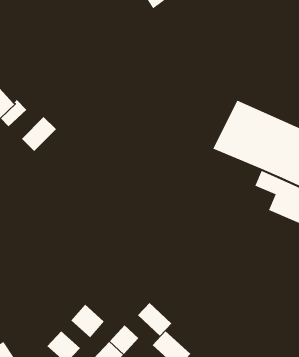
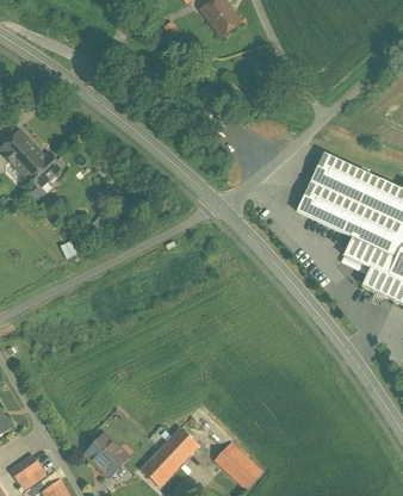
building: [21,116,57,152] -> none
building: [137,302,172,336] -> none
building: [71,304,105,338] -> none

